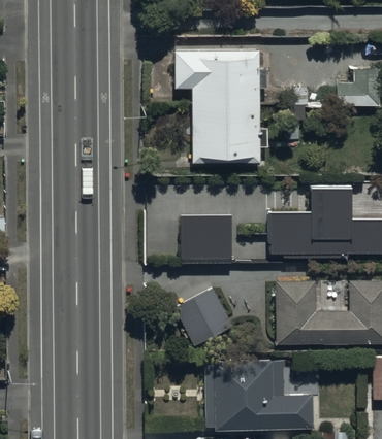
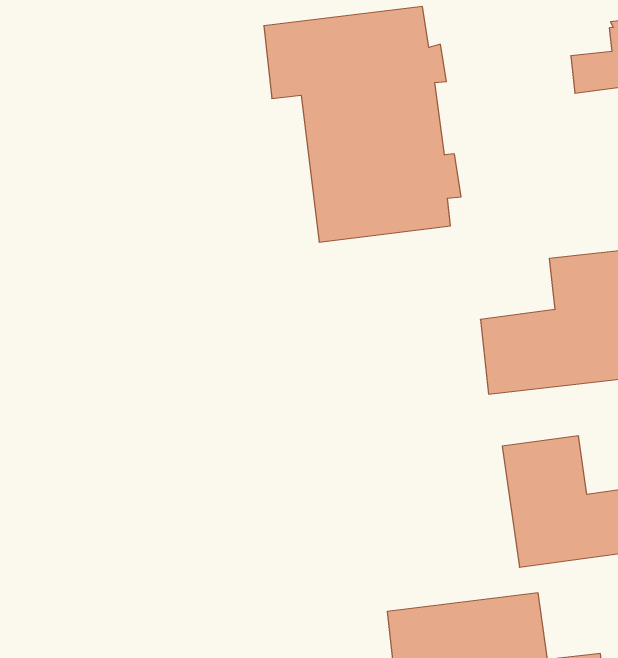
building: [181,214,233,262] -> none
building: [171,285,232,346] -> none

